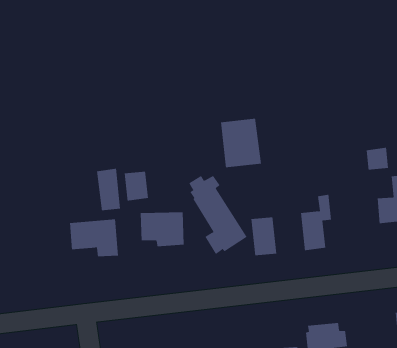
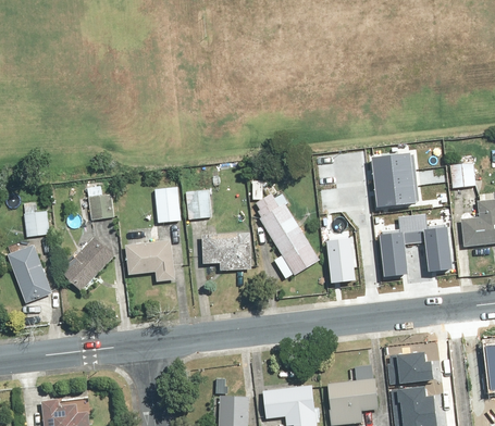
building: [220,118,262,168] -> [370,153,416,208]
building: none -> [87,186,115,220]
building: none -> [410,213,450,271]
building: none -> [63,236,116,293]

